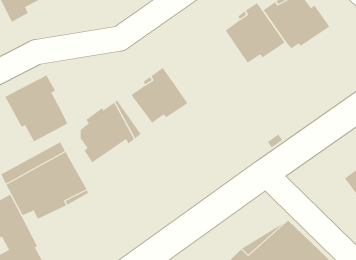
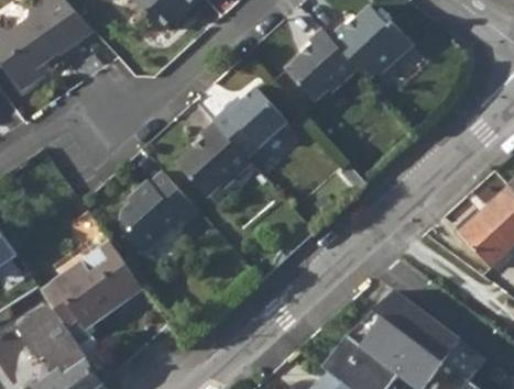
building: none -> [214,88,288,157]
building: [5,74,68,142] -> none

